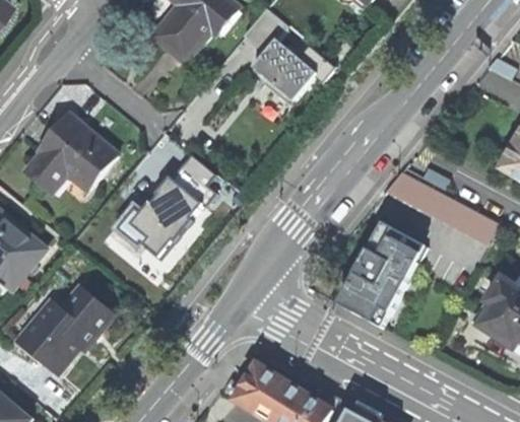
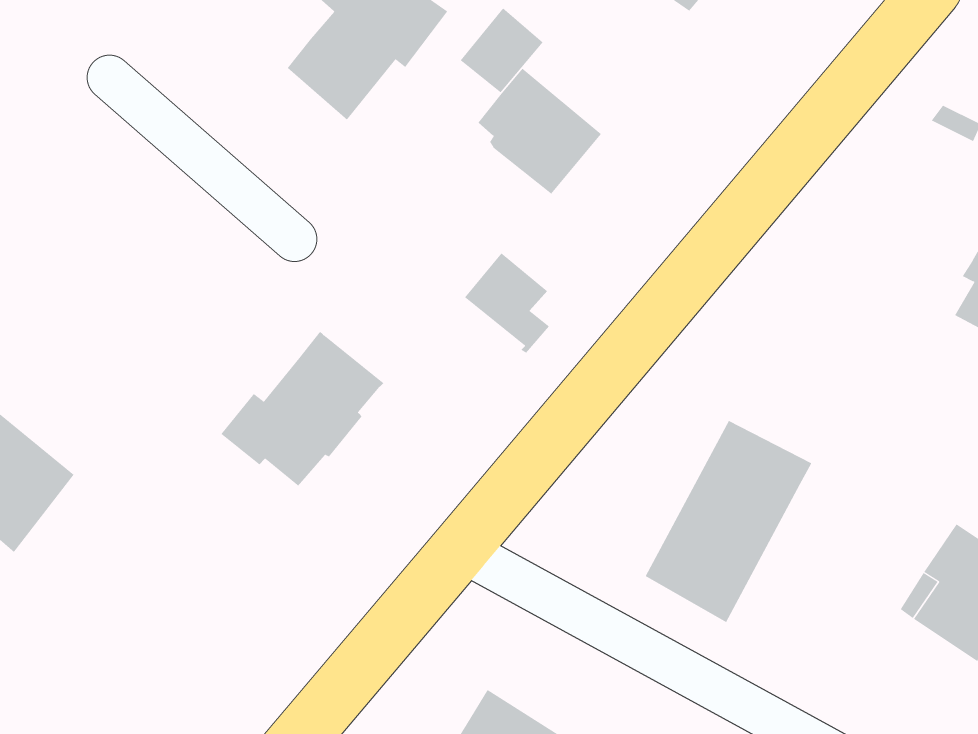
building: [21,118,114,194] -> none
building: [171,154,215,207] -> [464,252,550,354]
building: [391,169,503,242] -> none
building: [17,290,110,375] -> none

